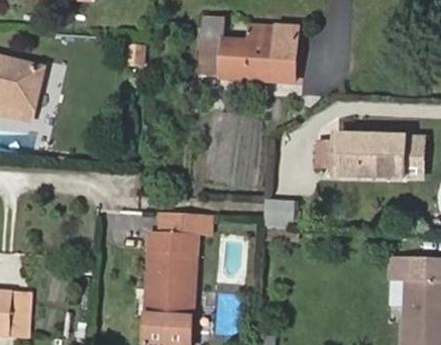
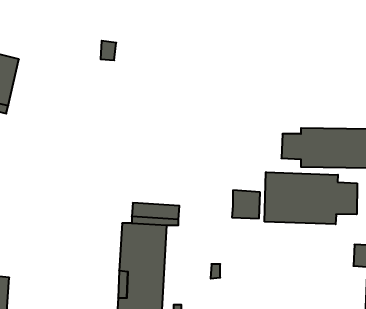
building: [199,15,306,83] -> none
building: none -> [265,172,357,224]

